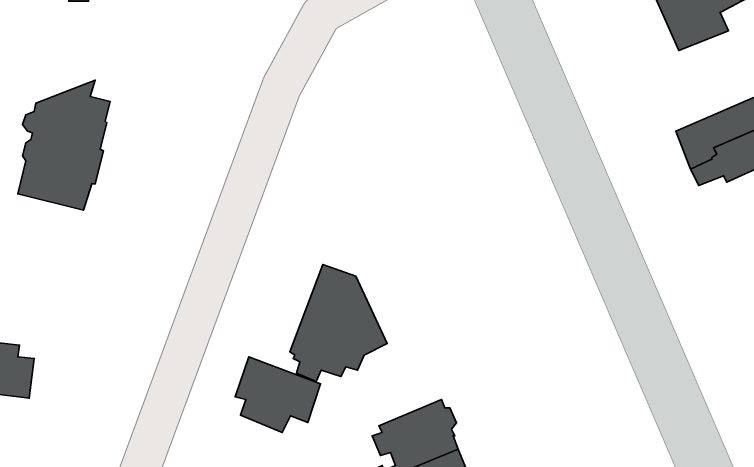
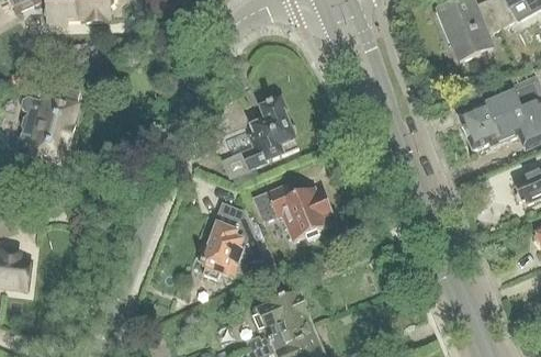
building: none -> [221,94,297,177]
building: none -> [252,183,330,238]
building: [235,357,320,433] -> none

